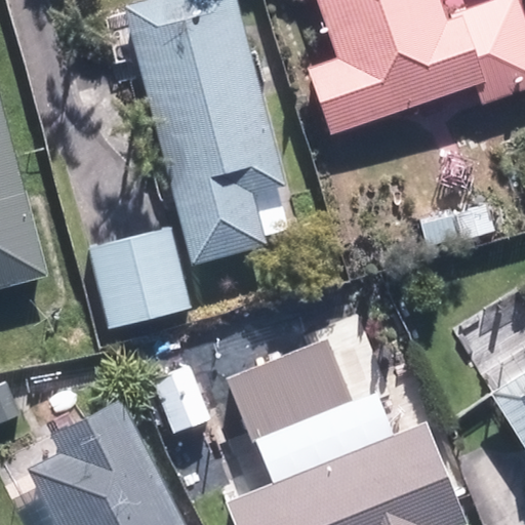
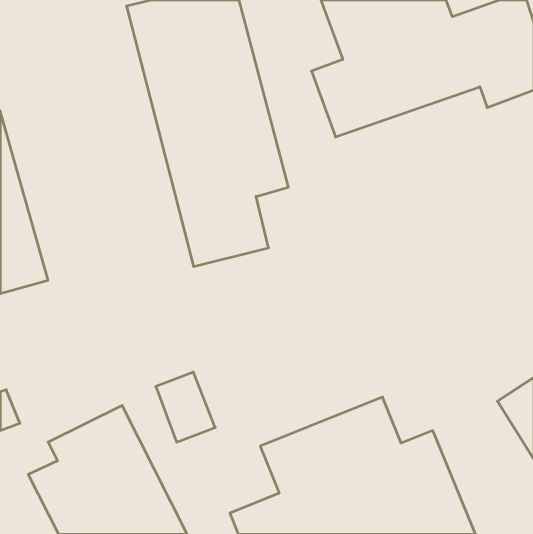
building: [90,231,186,324] -> none
building: [226,338,351,440] -> none

